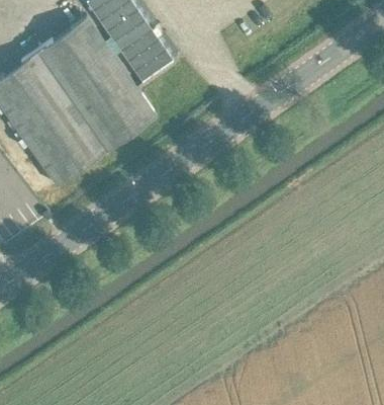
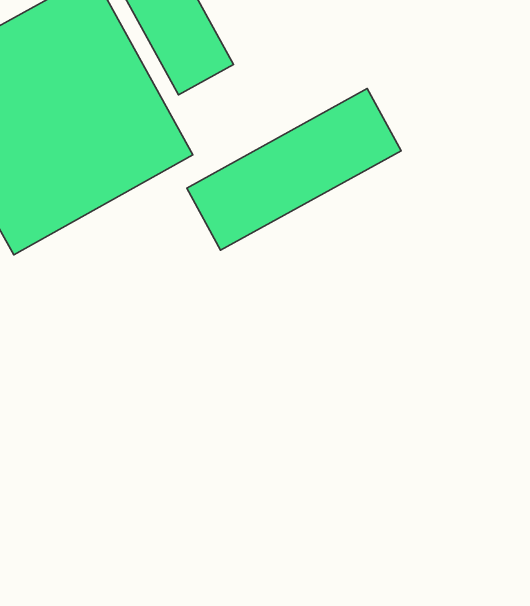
building: none -> [187,89,401,250]

